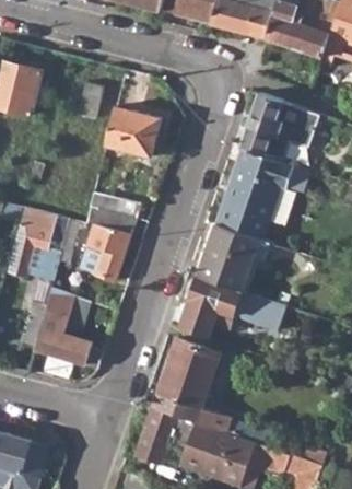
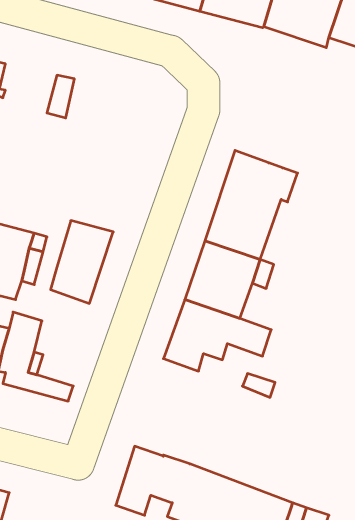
building: [240,92,319,161] -> none
building: [103,104,160,155] -> none
building: [153,339,220,419] -> none

